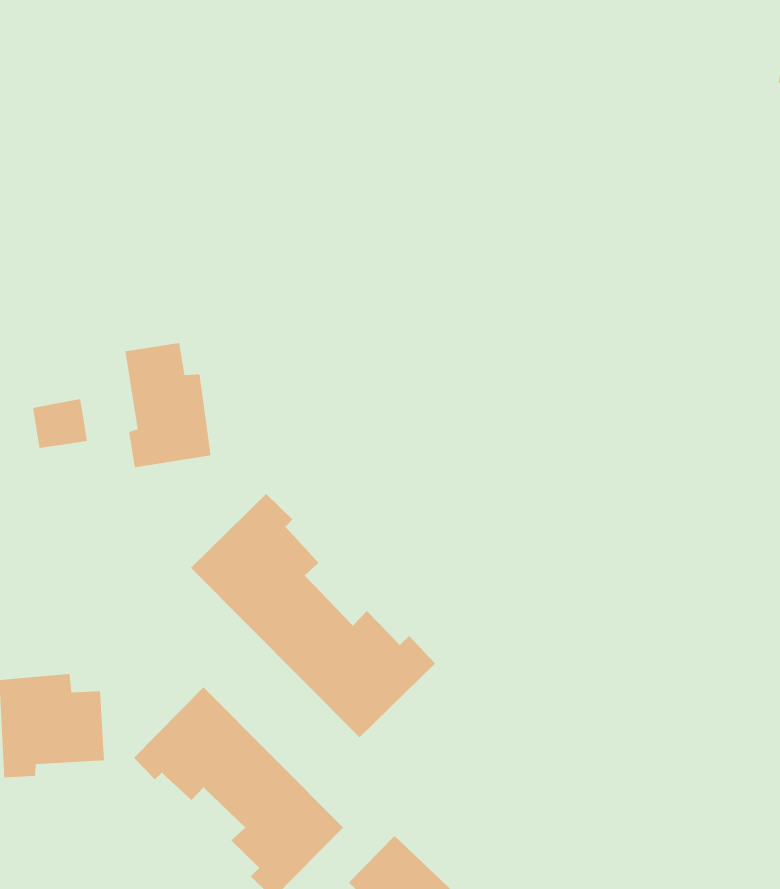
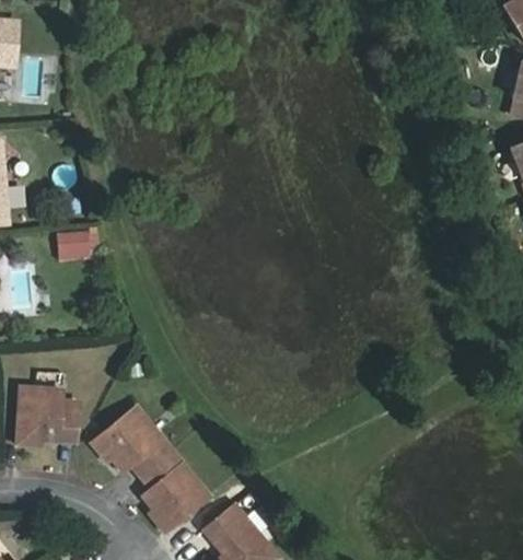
building: [125,342,212,468] -> none
building: [190,493,436,738] -> none

